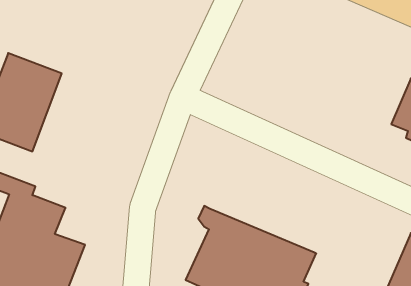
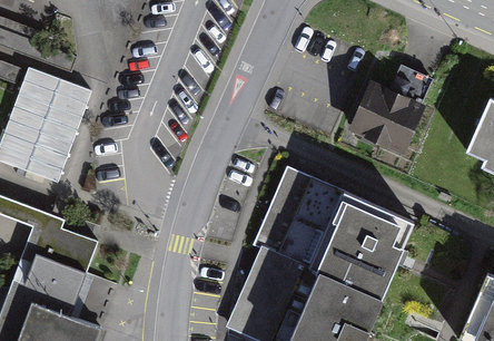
building: none -> [354,65,431,148]
building: none -> [260,169,412,296]

